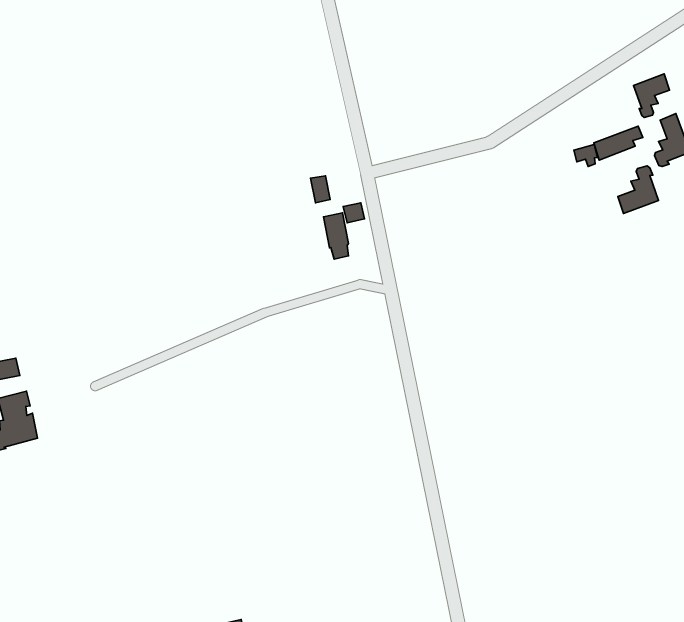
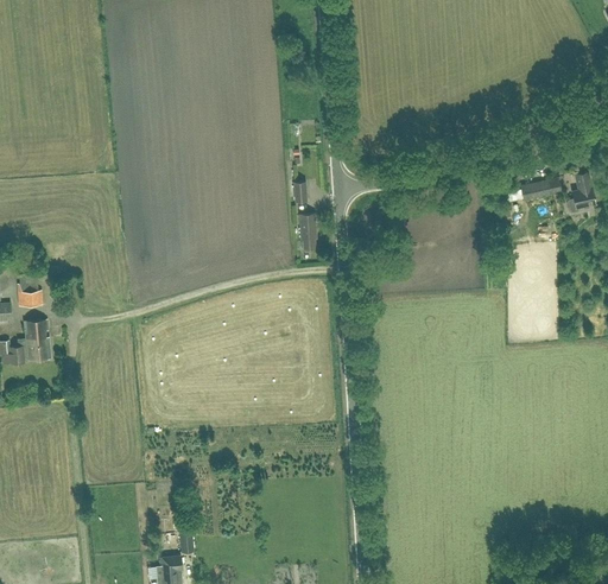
building: [634,74,669,117] -> none
building: [618,166,659,214] -> none

